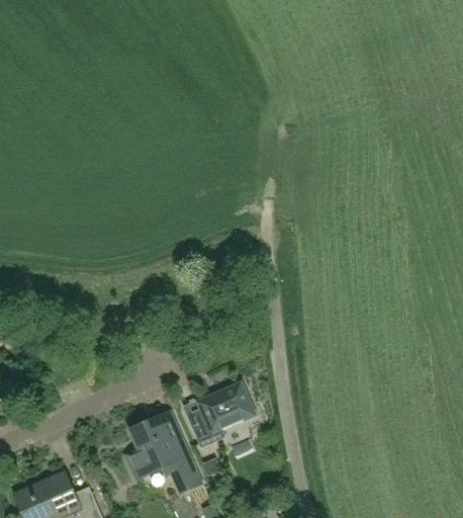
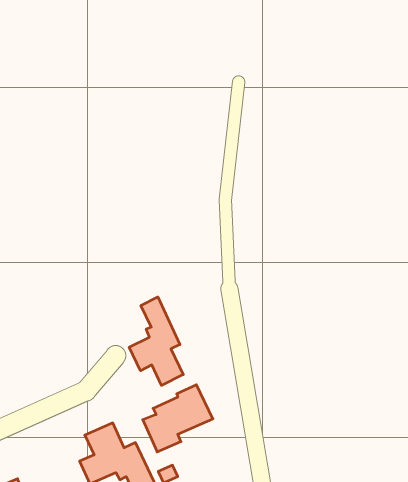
building: none -> [129,297,183,385]

